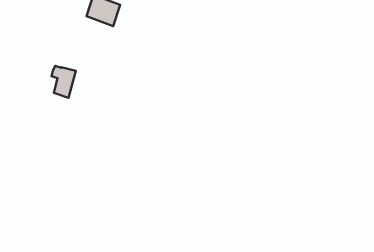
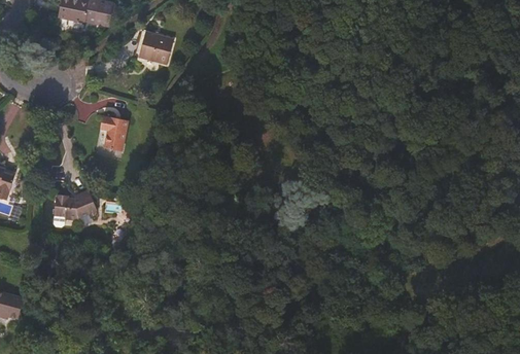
building: none -> [54,190,97,227]

